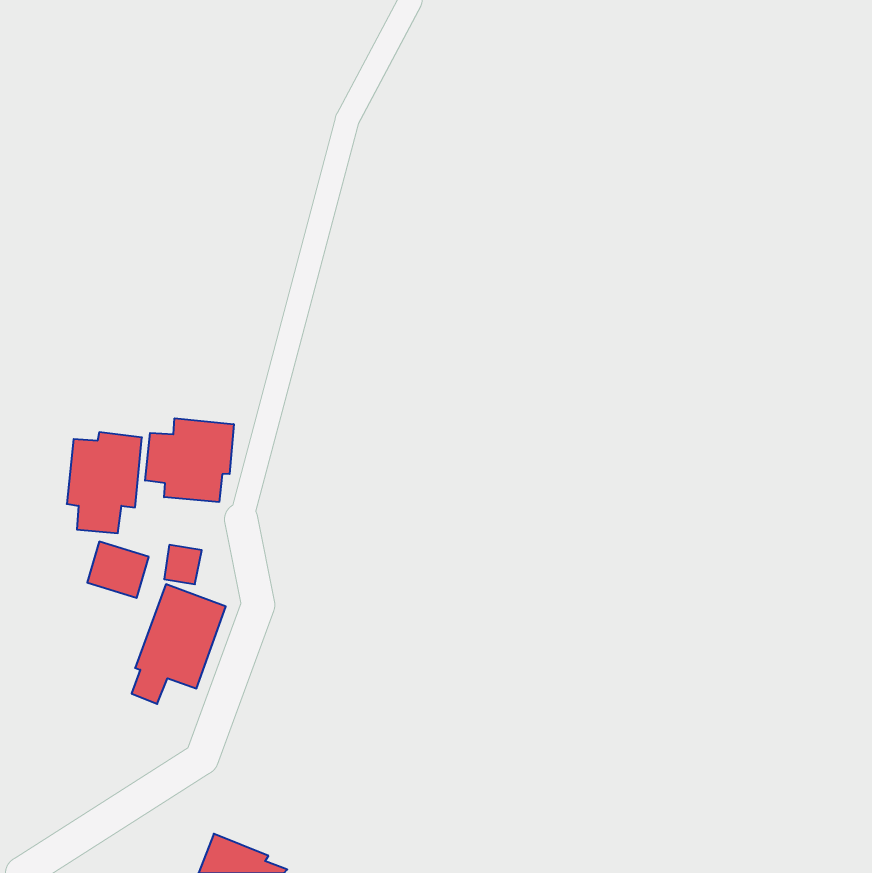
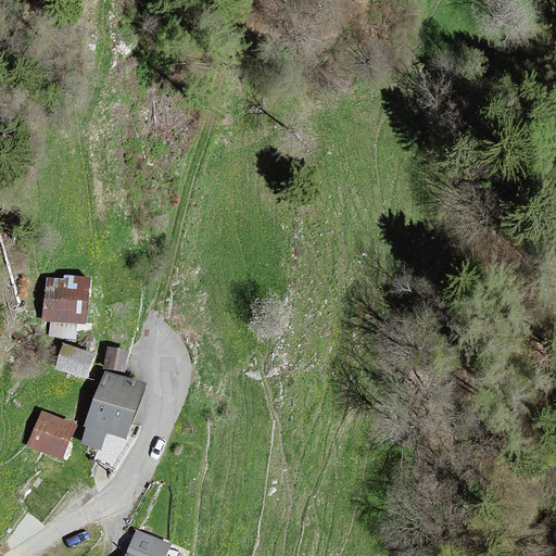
building: [145,418,234,502] -> none
building: none -> [27,412,75,458]

